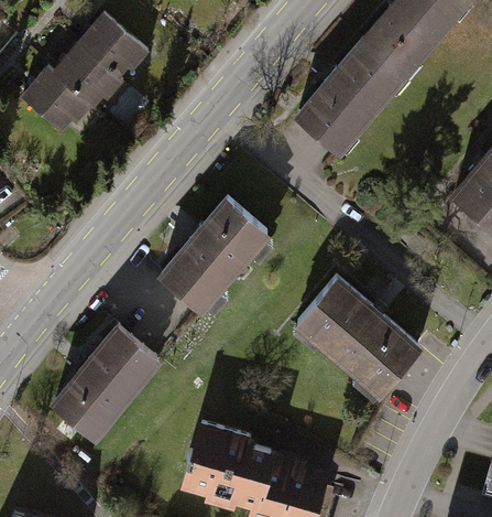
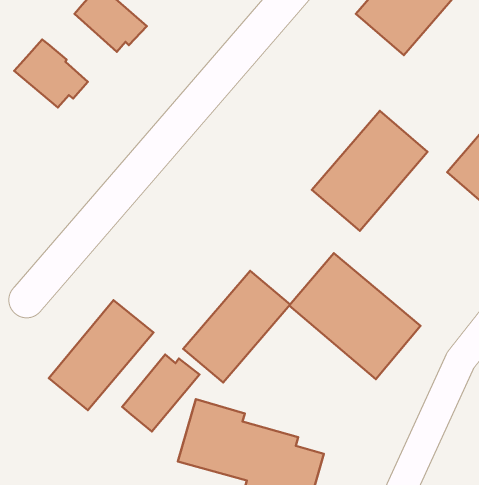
building: [54,41,127,109] -> none
building: [292,41,406,160] -> [312,111,428,231]
building: [163,196,269,306] -> [183,271,290,382]
building: none -> [122,354,199,432]

